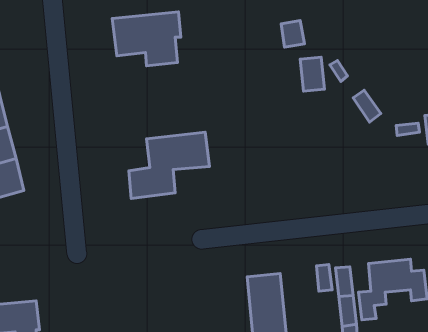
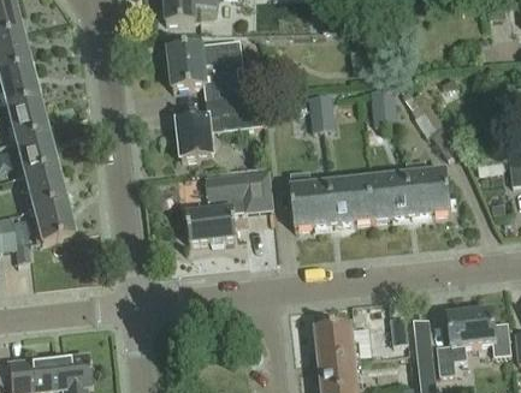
building: none -> [177,94,262,159]
building: none -> [312,96,337,131]
building: none -> [278,162,452,228]

